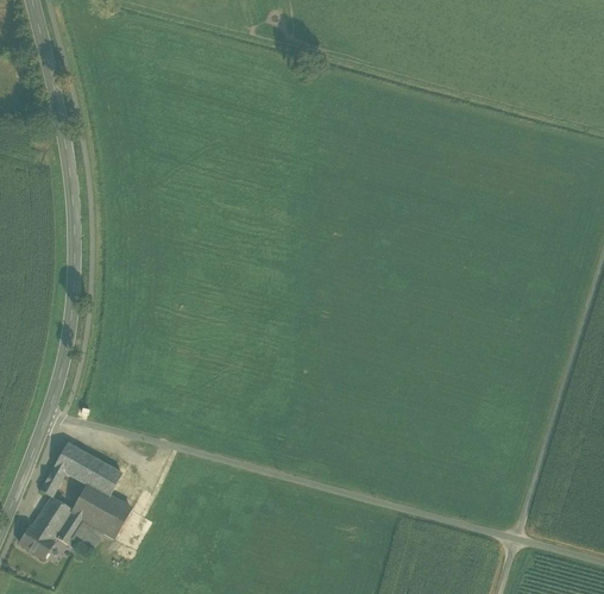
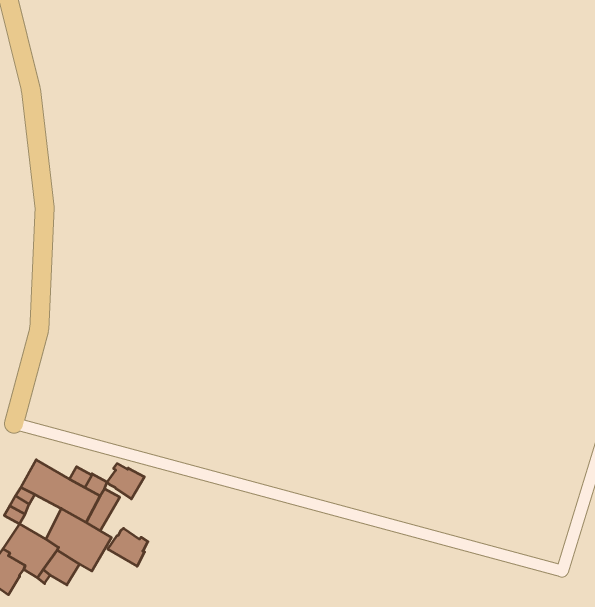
building: none -> [107,464,144,499]
building: none -> [108,528,148,566]

